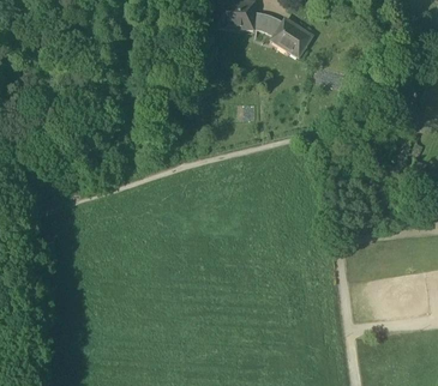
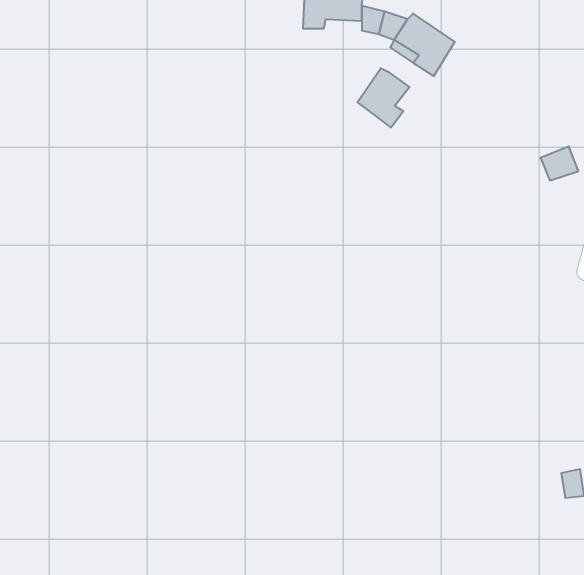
building: none -> [357,68,409,127]

